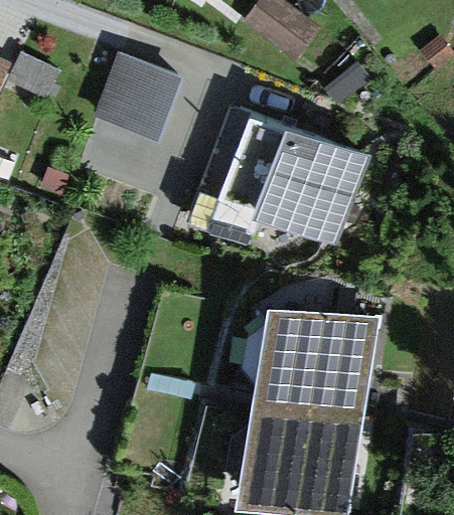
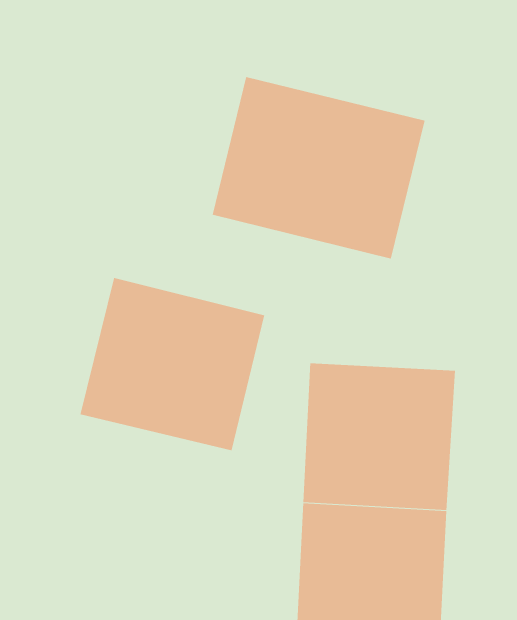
building: [94,55,180,143] -> none
building: none -> [80,277,265,451]

